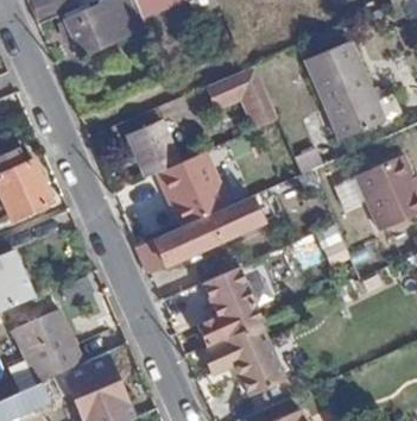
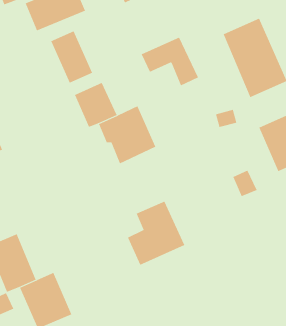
building: none -> [51,31,93,83]
building: [138,188,263,266] -> none
building: [203,323,293,395] -> none

